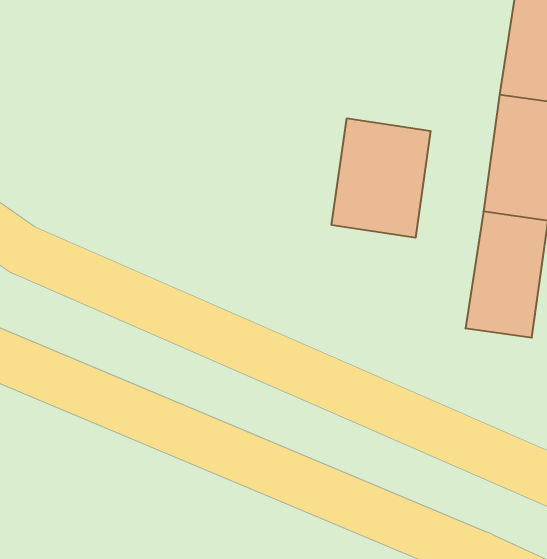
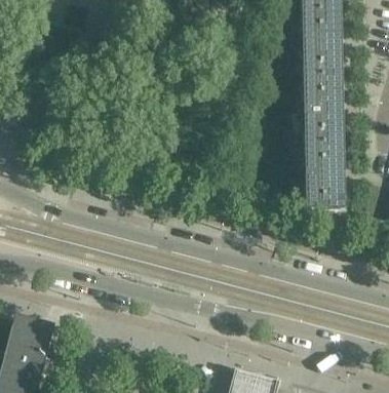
building: [332,118,431,238] -> none

